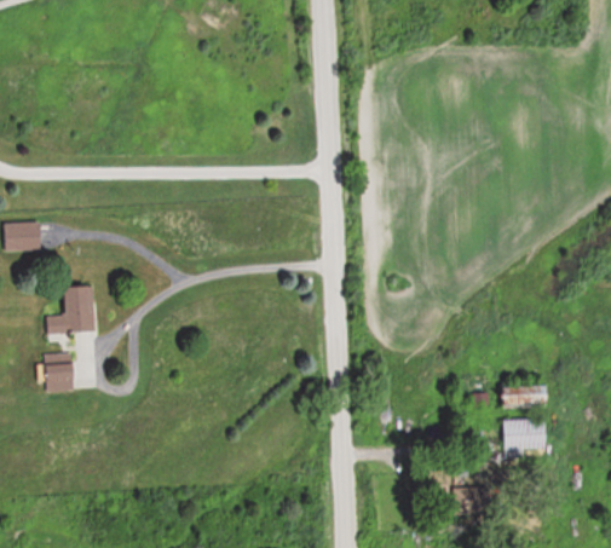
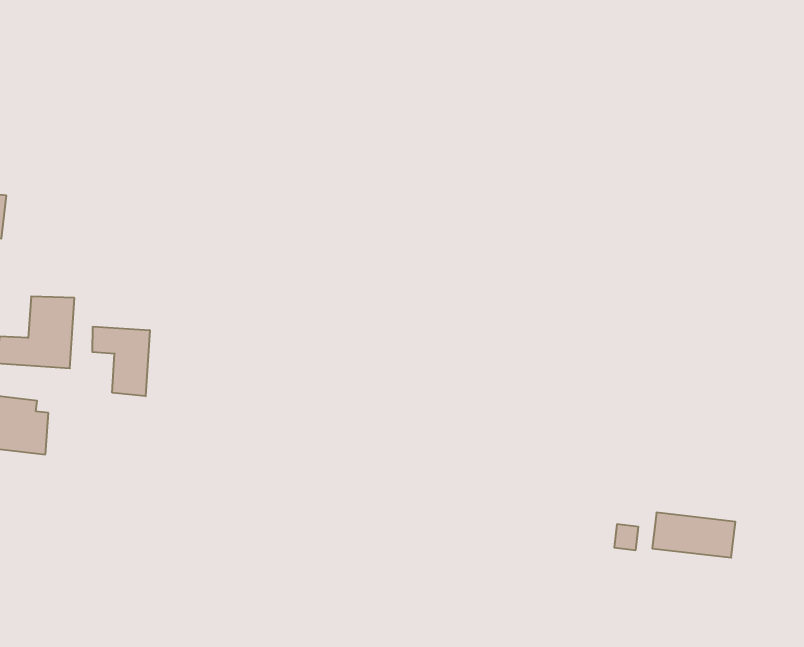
building: none -> [92,327,150,396]
building: [502,419,547,450] -> none

